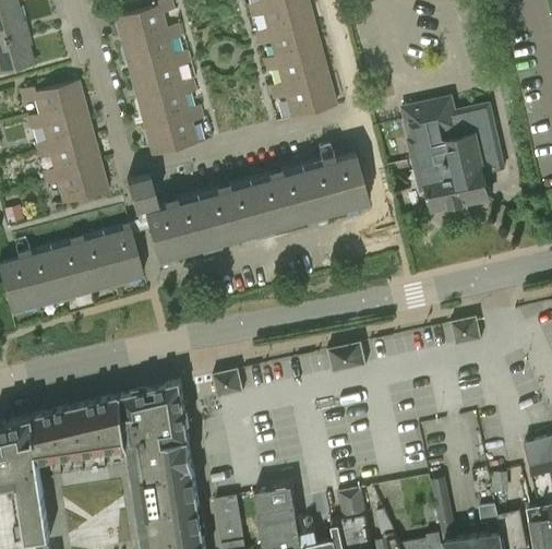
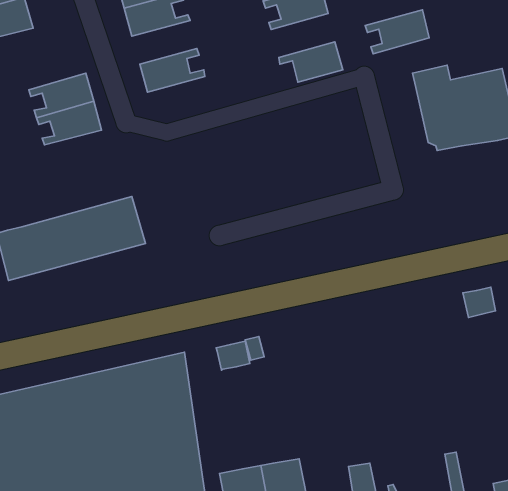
building: [265,51,327,94] -> [365,10,429,54]
building: [130,58,193,100] -> none
building: [21,81,85,126] -> none
building: [145,112,203,155] -> none
building: [144,154,368,259] -> none
building: [45,165,108,204] -> none
building: [125,175,156,208] -> none
building: [427,175,491,213] -> none
building: [329,343,368,373] -> none

